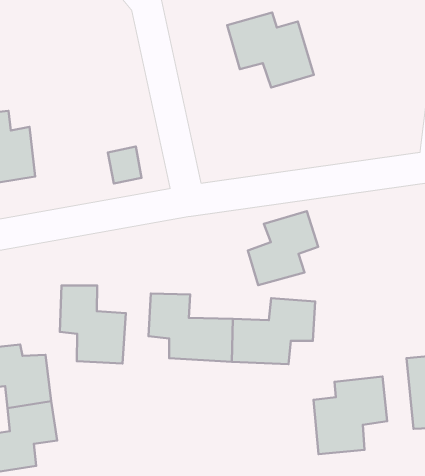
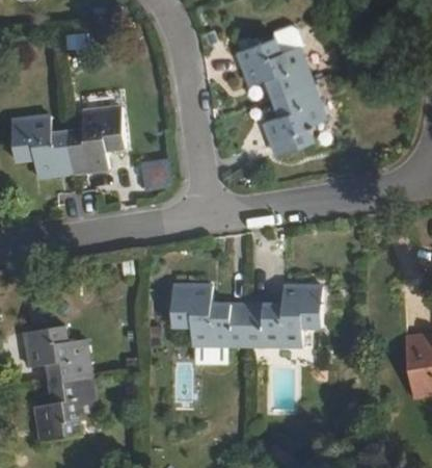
building: none -> [64,109,125,177]
building: [248,211,318,285] -> [267,85,330,152]
building: [60,285,126,364] -> none
building: [314,376,387,454] -> none

